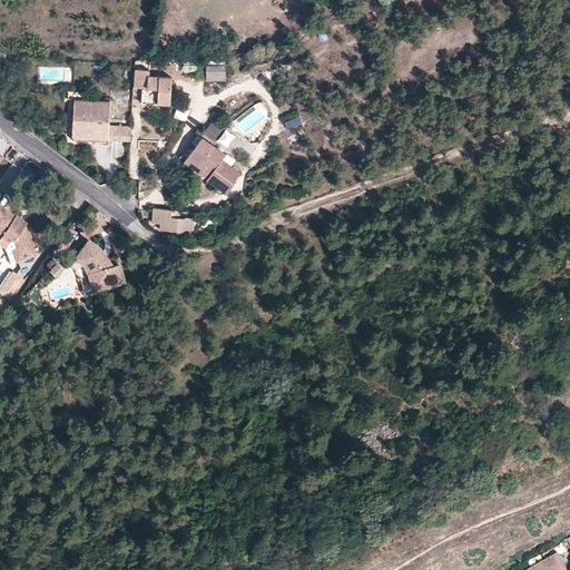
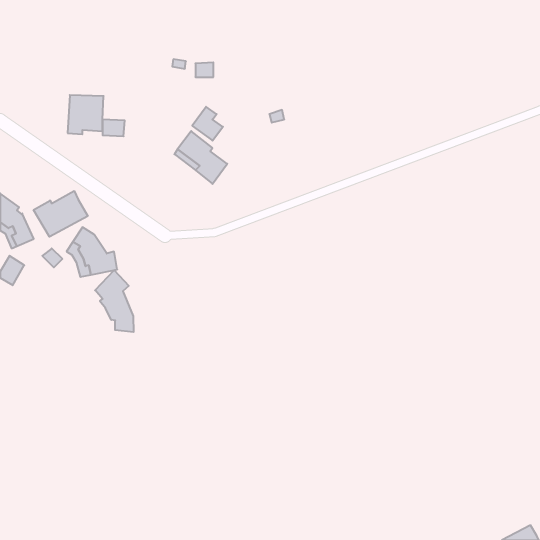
building: [134,72,171,106] -> none
building: none -> [34,191,88,237]
building: [153,209,193,234] -> none
building: none -> [95,270,134,332]

